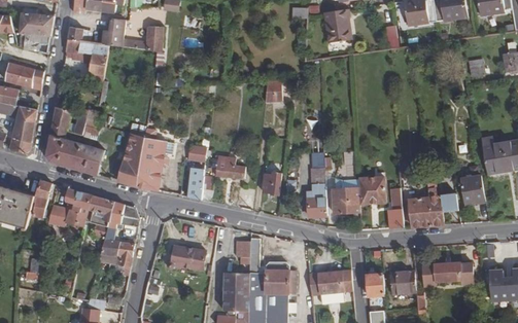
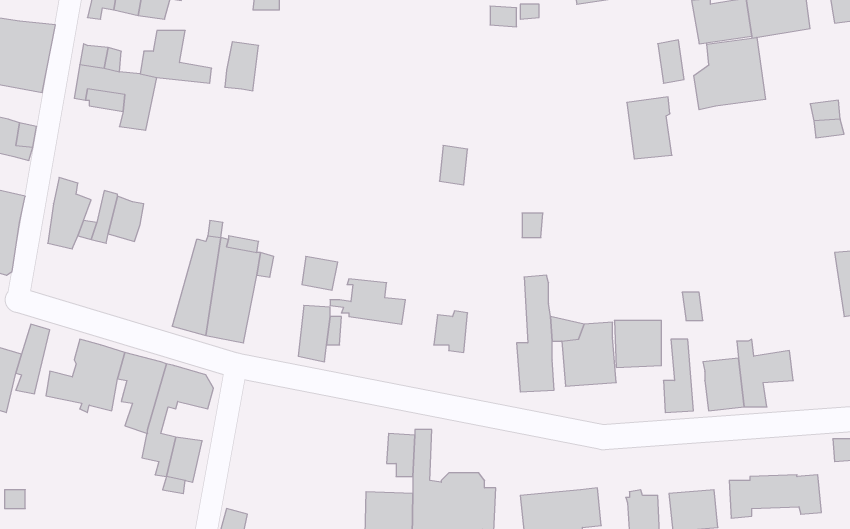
building: [324,10,349,44] -> [627,97,672,159]
building: none -> [694,37,766,110]
building: [45,135,104,174] -> none
building: [459,175,484,205] -> none
building: [166,244,205,268] -> none

